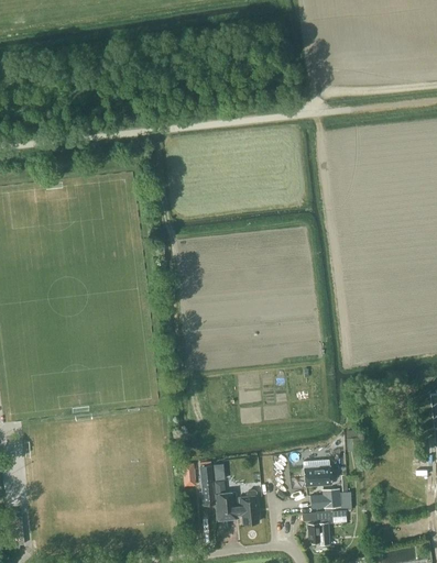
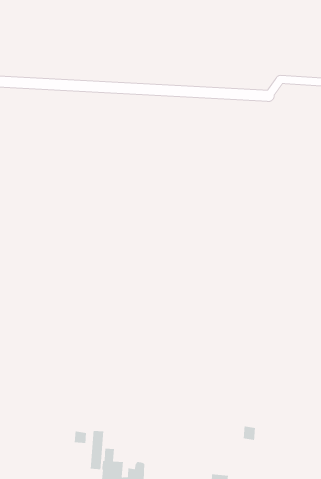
building: [303,465,330,485] -> none

